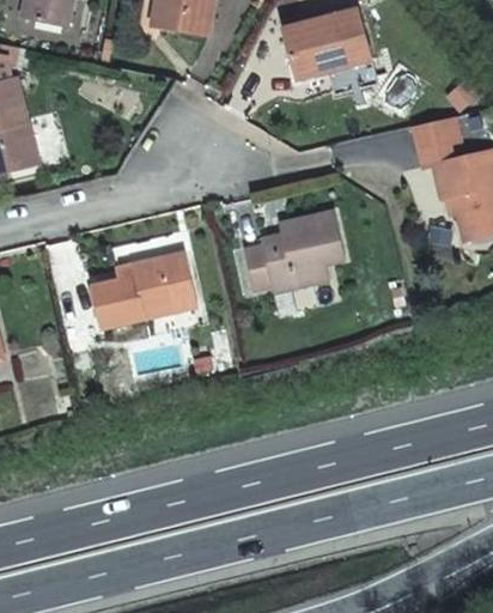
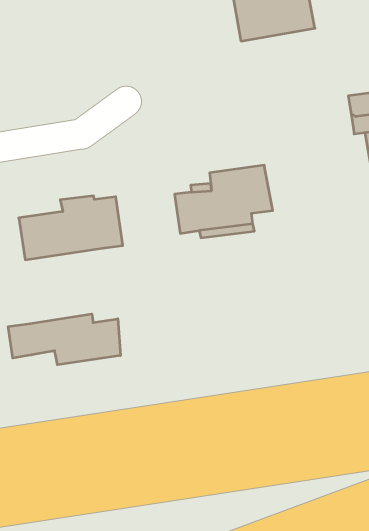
building: none -> [8,314,120,365]

